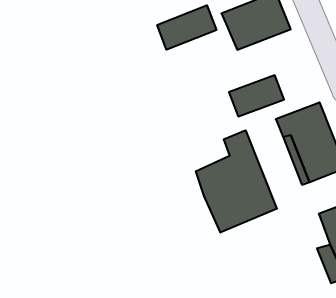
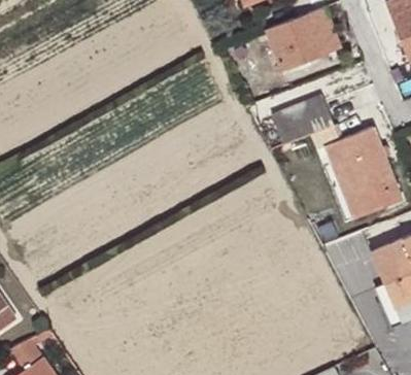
building: [157,5,216,50] -> none
building: [196,130,277,233] -> none

